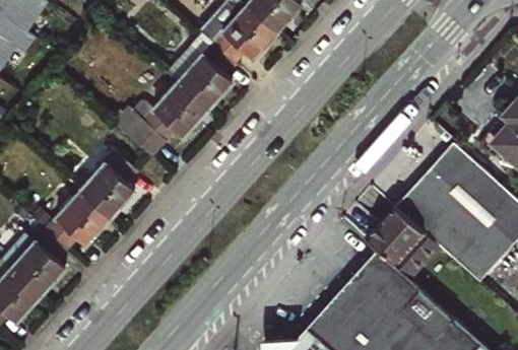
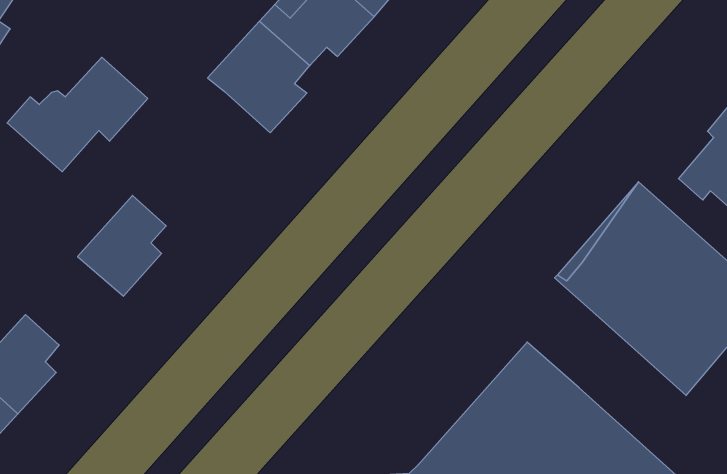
building: [114,82,207,158] -> [7,57,148,172]
building: [45,192,110,251] -> none
building: [367,206,437,279] -> none

